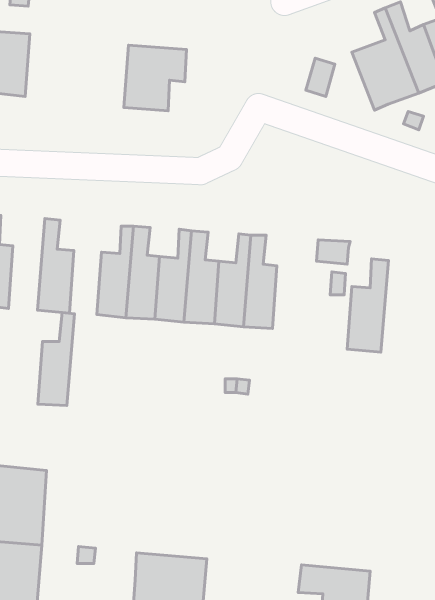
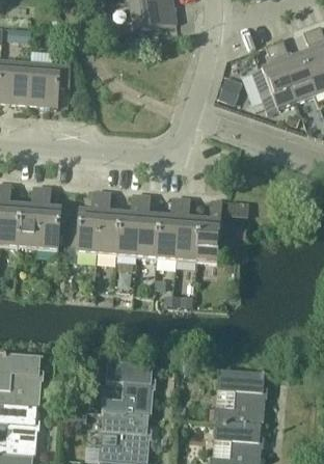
building: [124,45,186,111] -> [27,60,70,105]
building: [347,259,388,352] -> [195,199,223,263]
building: [38,312,74,406] -> [16,185,40,248]
building: none -> [101,362,154,417]
building: none -> [213,371,266,426]

